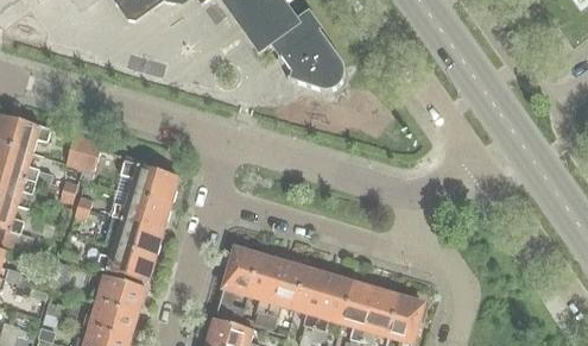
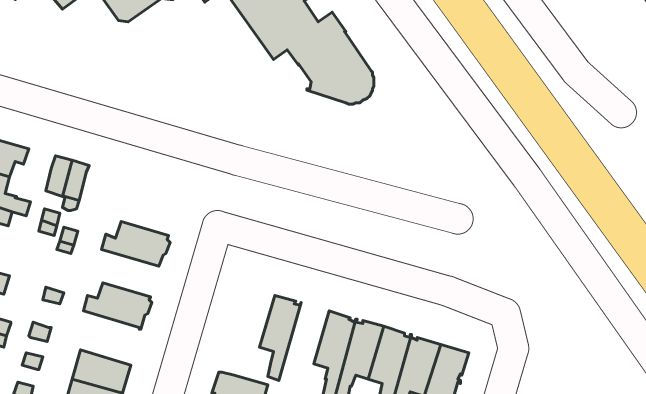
building: [120,155,178,202] -> none
building: [109,214,162,254] -> none
building: [216,245,260,321] -> none
building: [264,259,306,329] -> none
building: [95,275,145,313] -> none

